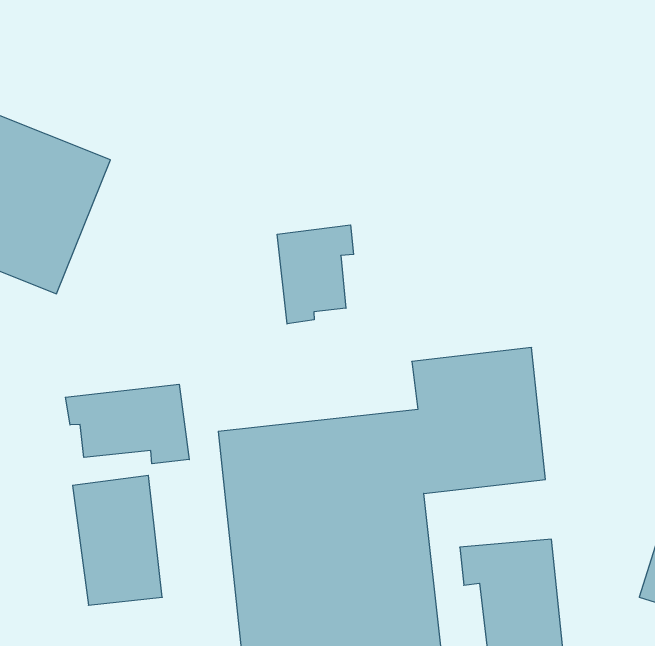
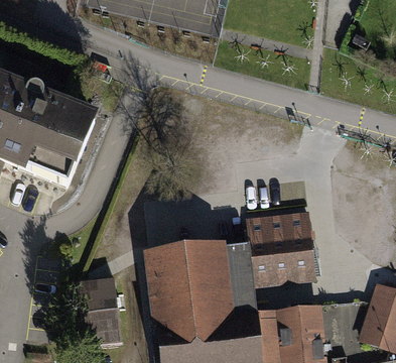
building: [277,225,354,324] -> none
building: [65,384,189,464] -> none

